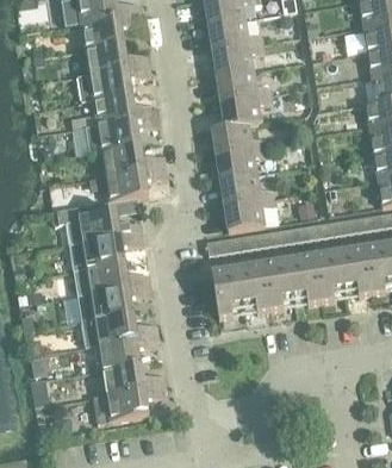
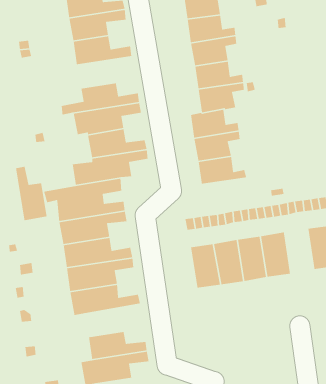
building: [76,63,150,100] -> none
building: none -> [15,166,48,221]
building: [223,195,274,229] -> none
building: [313,250,346,300] -> none
building: [97,332,158,368] -> none

